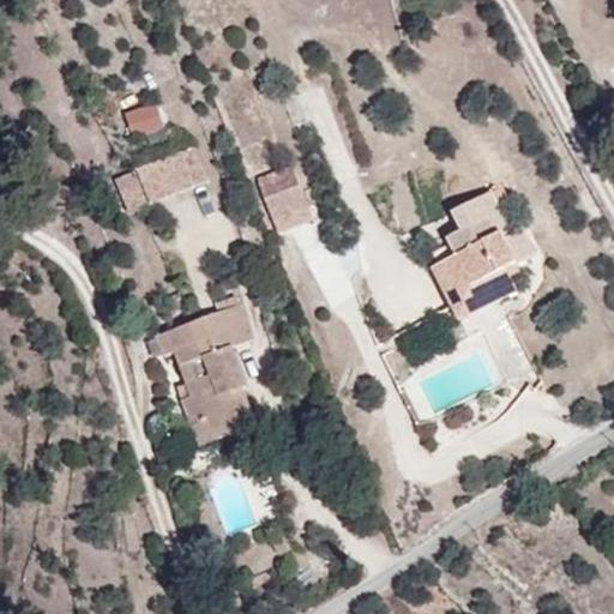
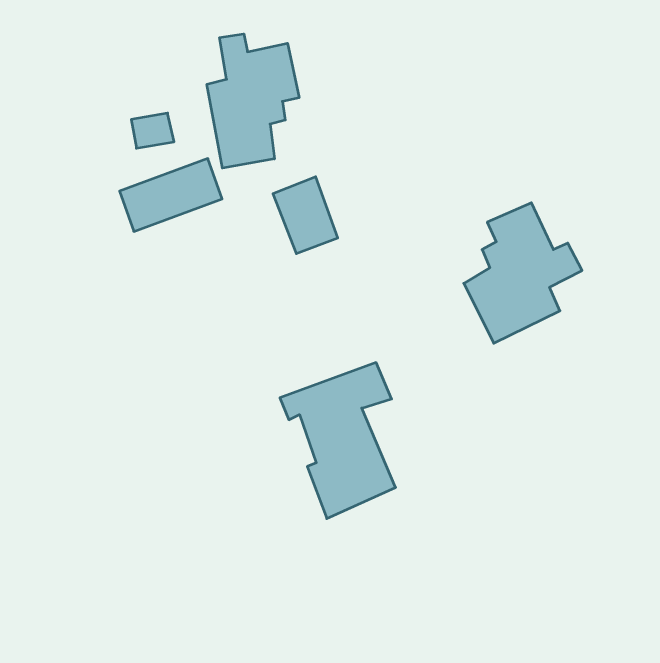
building: none -> [207,34,299,168]
building: [154,301,260,445] -> [280,363,396,519]

